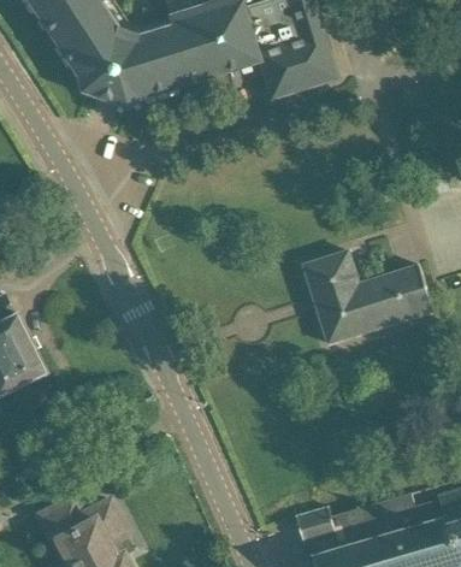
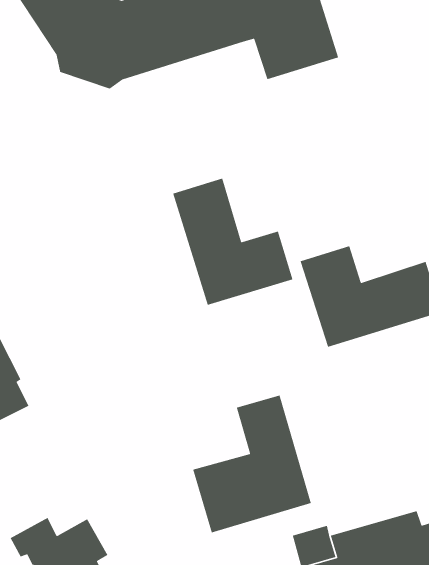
building: none -> [172,177,293,306]
building: none -> [192,395,312,533]

